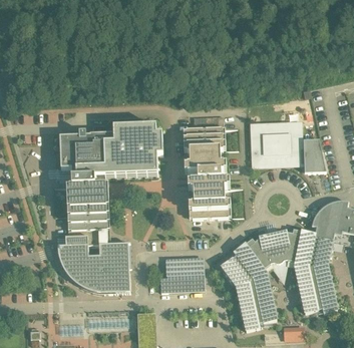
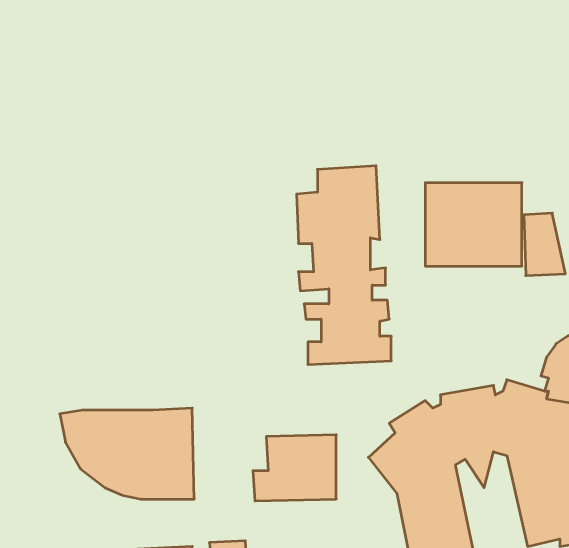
building: [58,122,163,243] -> none

